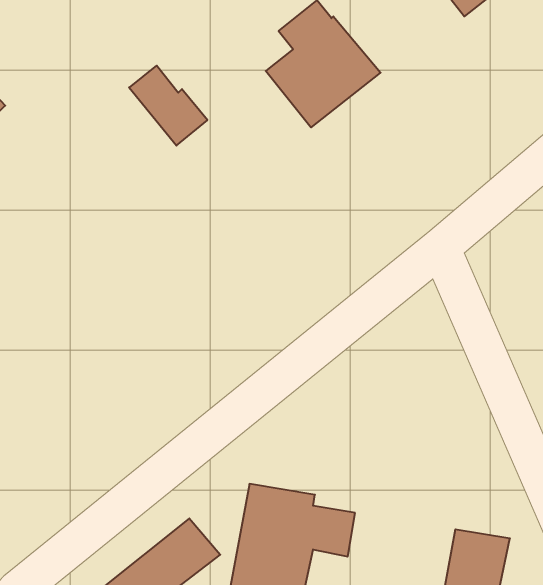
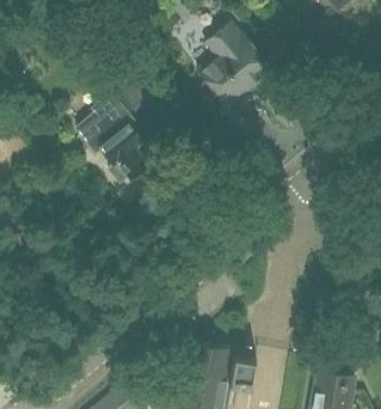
building: none -> [74,91,153,182]

